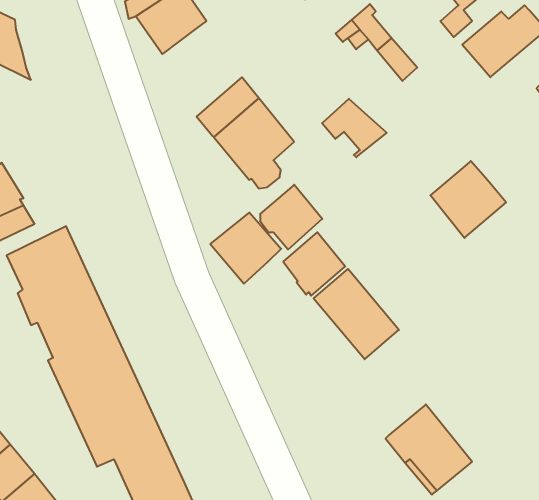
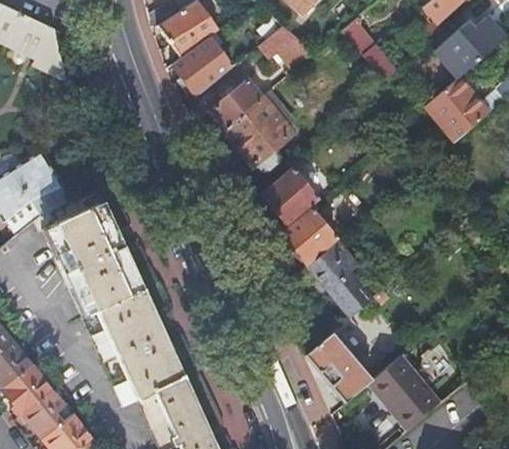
building: none -> [172,37,232,97]
building: [322,99,387,157] -> [259,25,314,74]
building: [430,161,506,238] -> [426,77,490,142]
building: [210,213,281,284] -> none
building: none -> [308,332,374,403]

